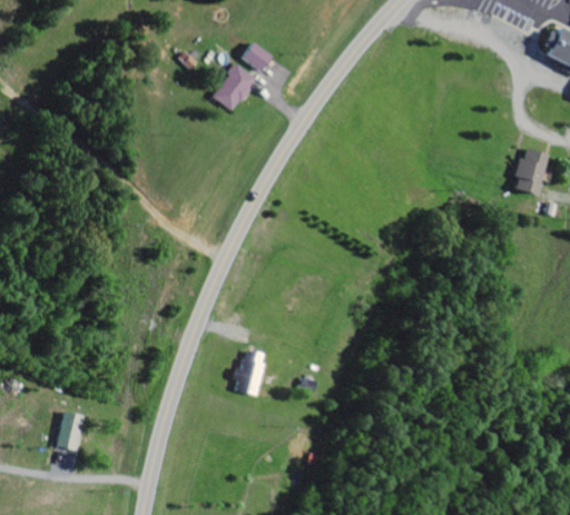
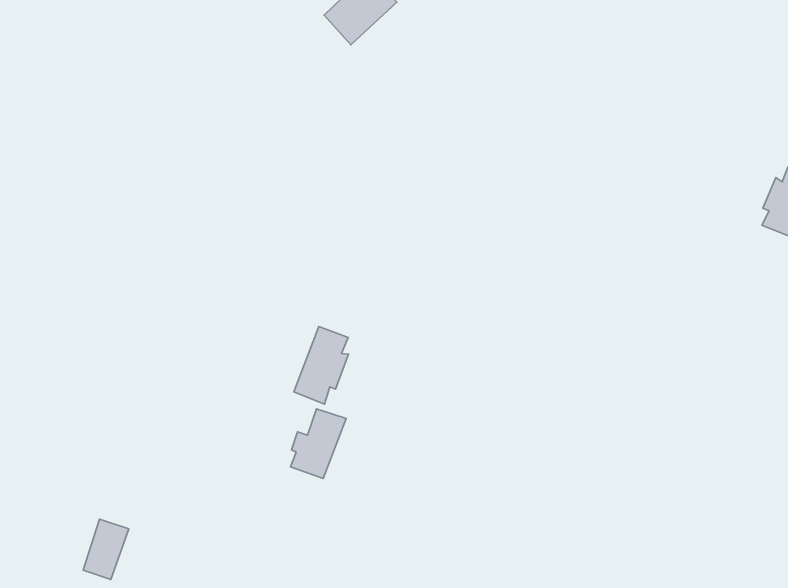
building: none -> [294,326,348,404]
building: [58,412,83,449] -> [83,519,129,579]

